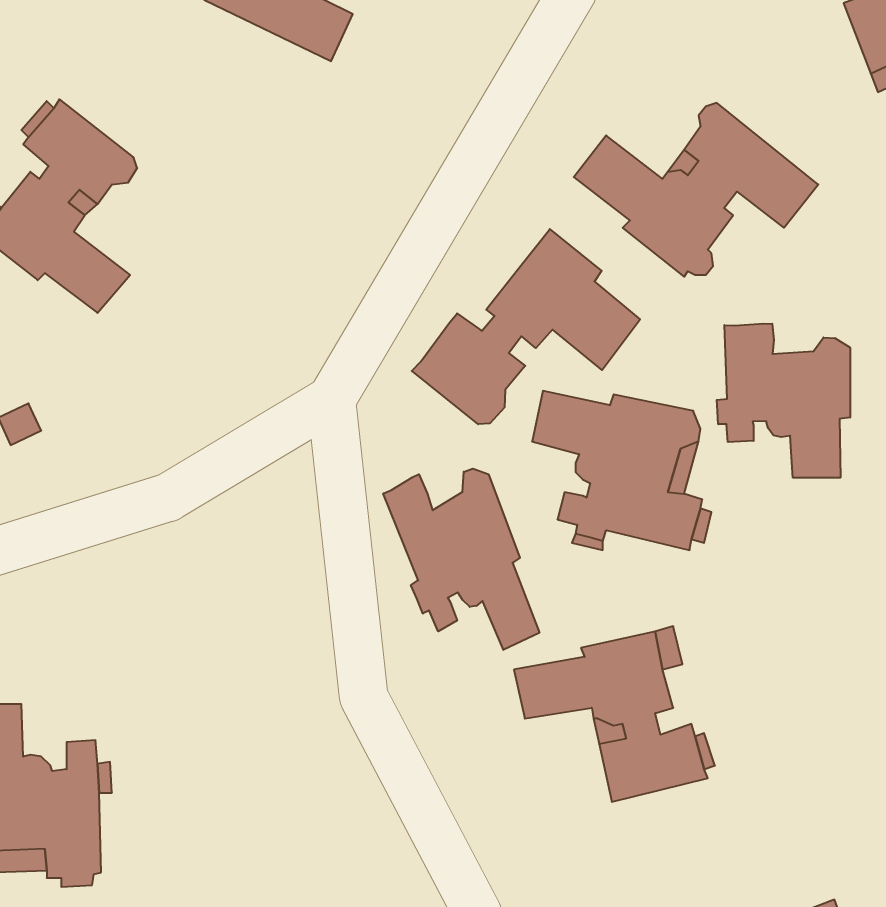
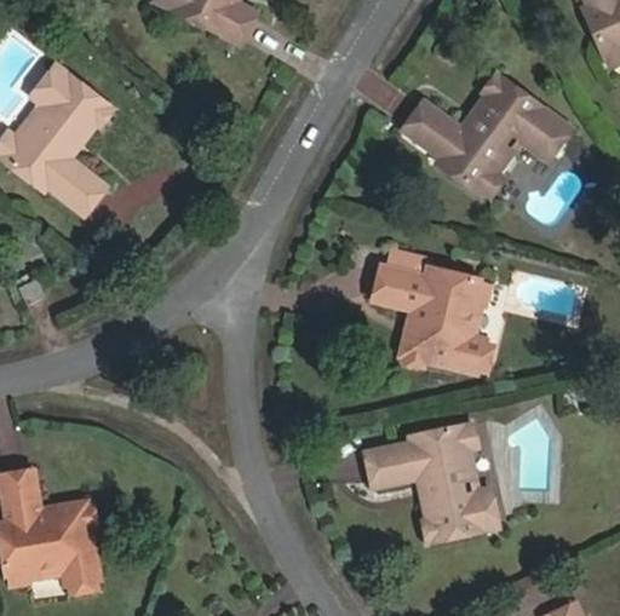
building: [412,229,640,424] -> none
building: [717,324,850,478] -> none
building: [383,469,539,650] -> none

